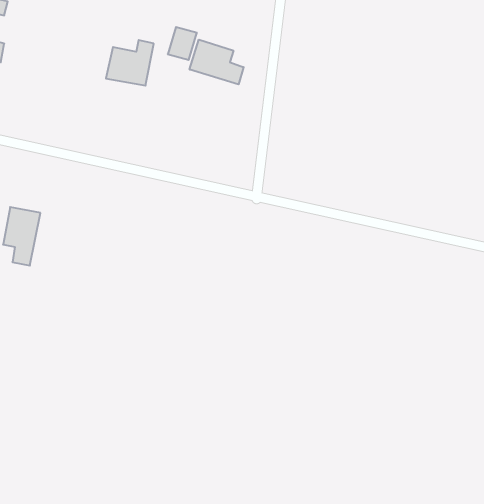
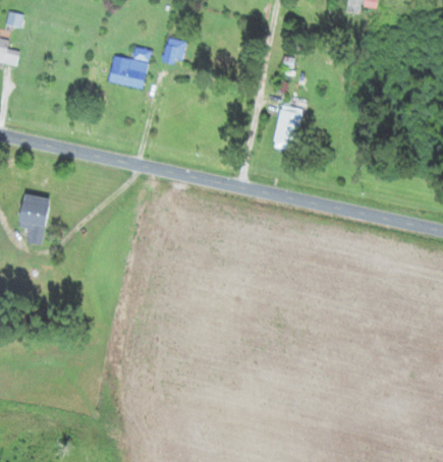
building: [190,40,244,84] -> none
building: none -> [271,102,302,150]

